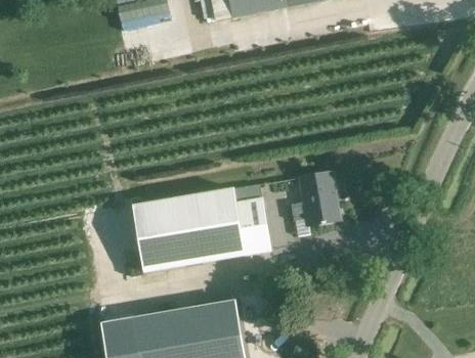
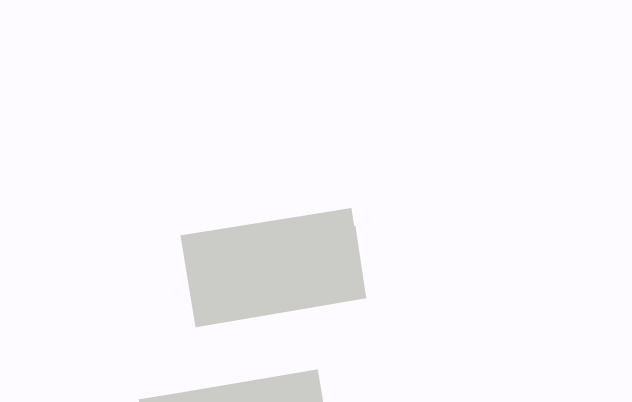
building: [291,170,340,223] -> none

